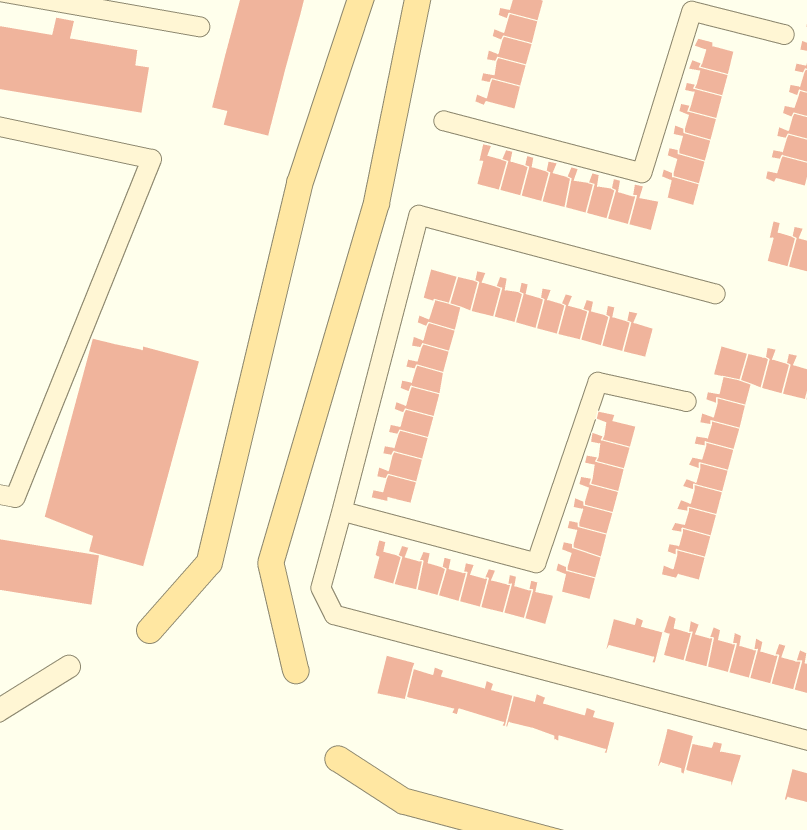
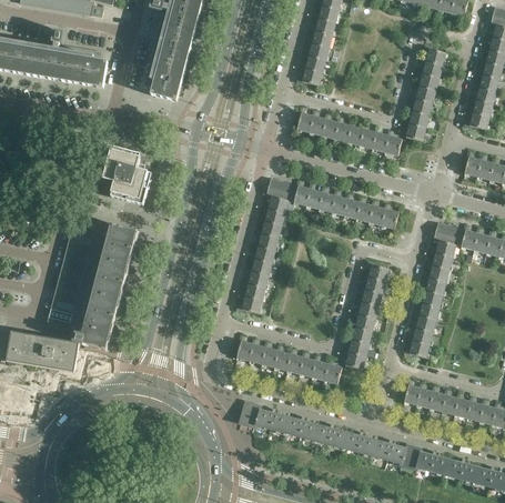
building: none -> [101,145,152,205]
building: [605,617,663,663] -> [373,439,406,465]
building: none -> [445,459,479,484]

